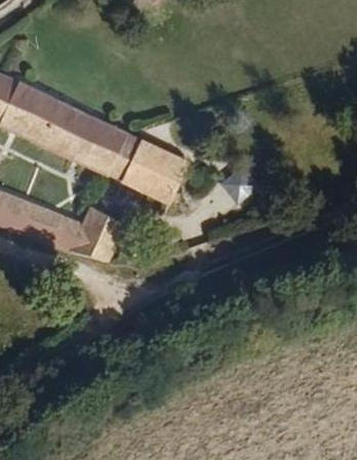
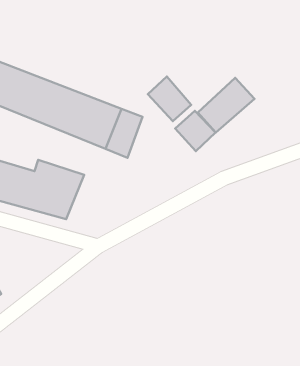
building: none -> [148,76,191,121]
building: none -> [198,78,255,133]

